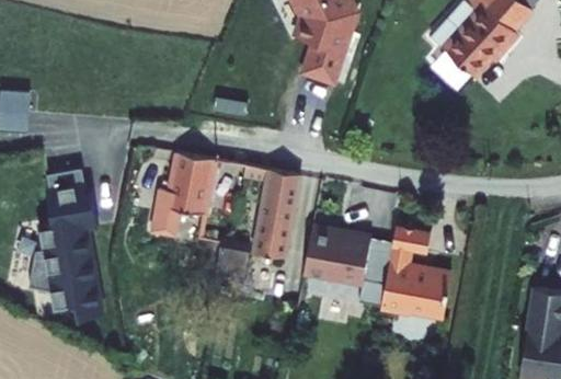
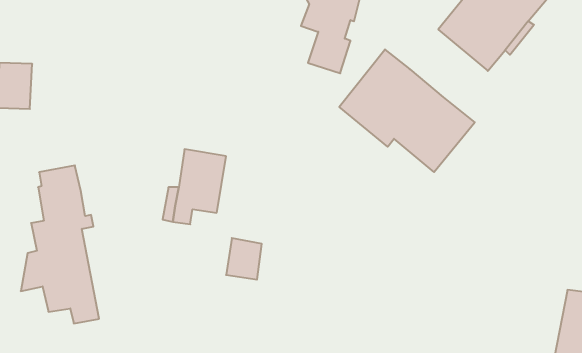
building: none -> [339,49,475,172]
building: [249,162,305,268] -> none
building: [317,228,386,286] -> none
building: [389,228,461,322] -> none

